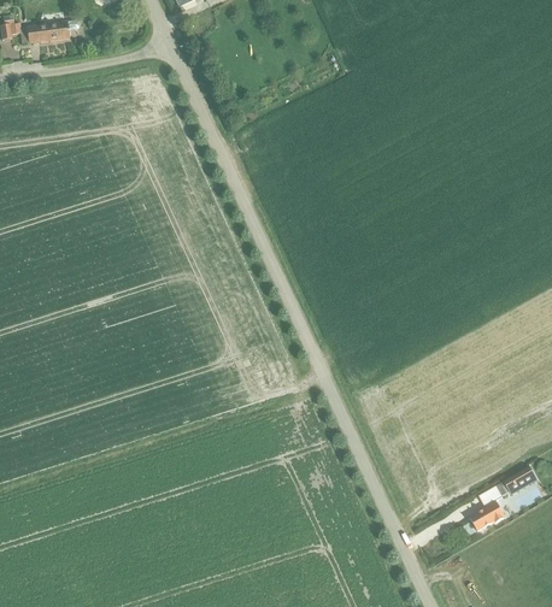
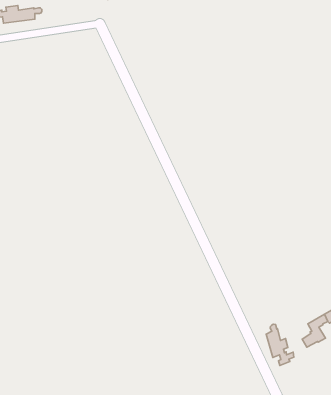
building: none -> [266,324,294,366]

